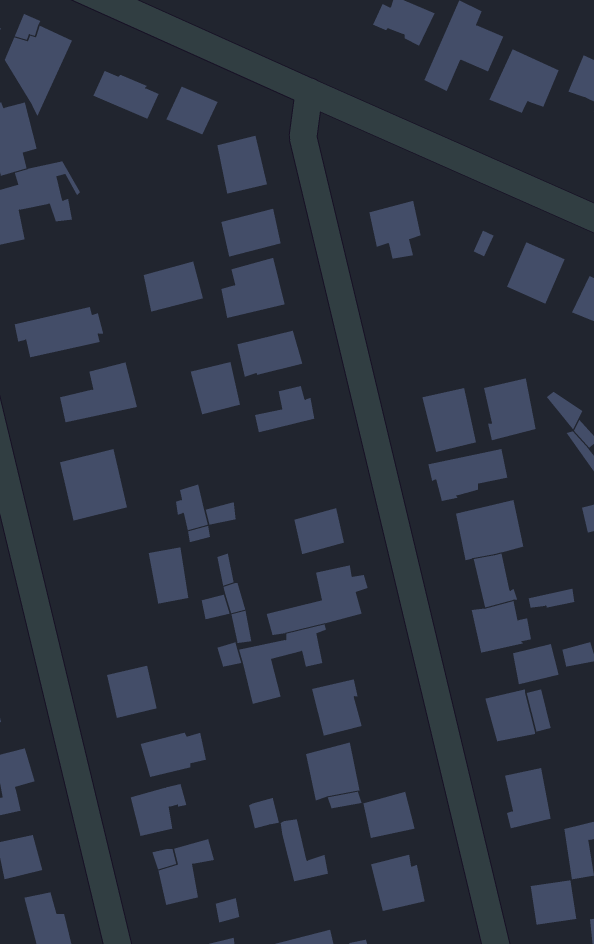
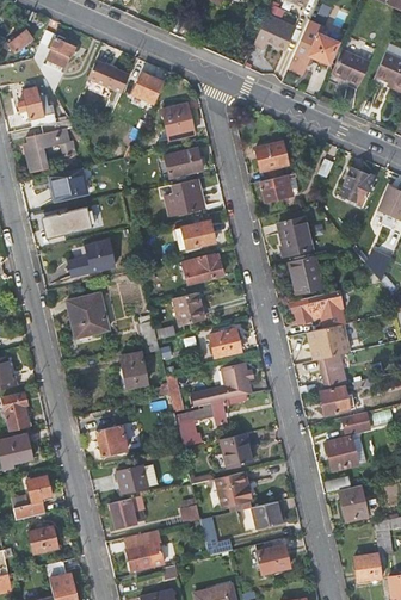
building: none -> [259,173,294,202]
building: [143,261,204,312] -> [51,169,88,200]
building: [190,362,241,415] -> [173,292,204,324]
building: [483,378,536,441] -> [278,218,310,256]

